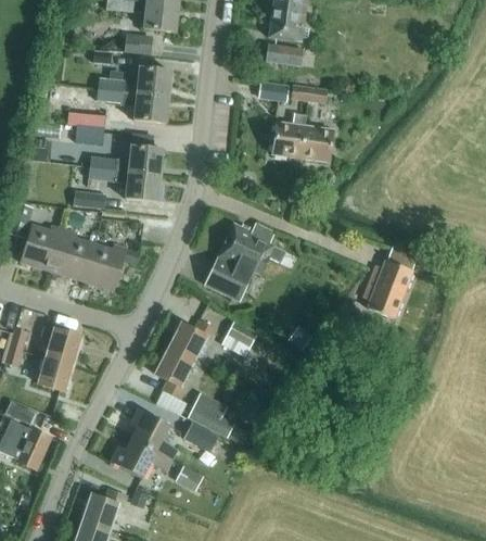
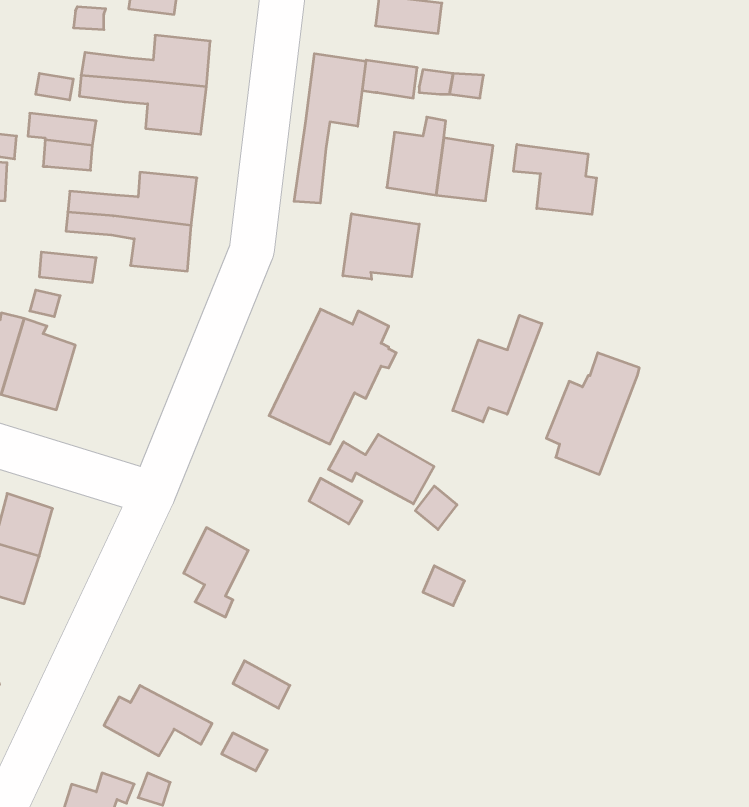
building: none -> [294,54,366,203]
building: none -> [514,144,597,214]
building: none -> [343,214,419,279]
building: none -> [453,315,542,422]
building: [82,243,139,290] -> none
building: none -> [328,434,434,504]
building: [168,319,216,361] -> none
building: [187,391,233,437] -> none
building: [129,407,177,460] -> none

